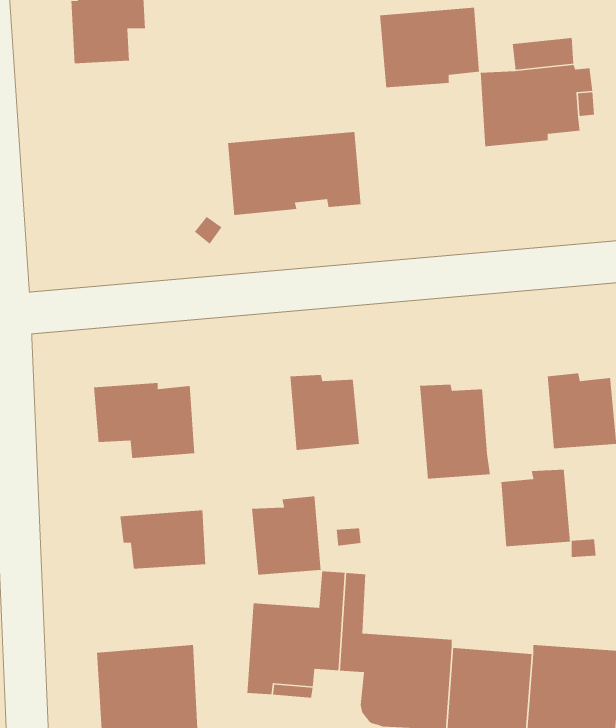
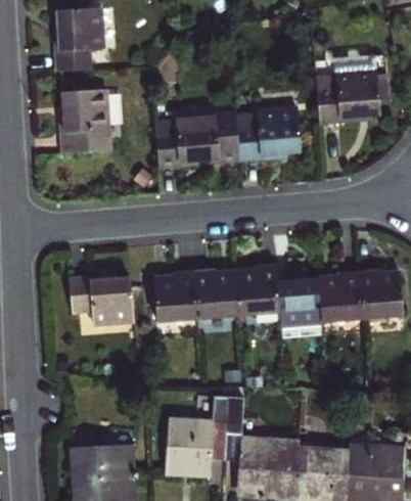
building: [379,7,480,88] -> [235,109,300,162]
building: none -> [58,90,107,153]
building: none -> [234,265,279,315]
building: [501,469,571,547] -> [317,271,362,321]
building: [251,495,322,575] -> [152,271,197,322]
building: [120,510,206,570] -> none

